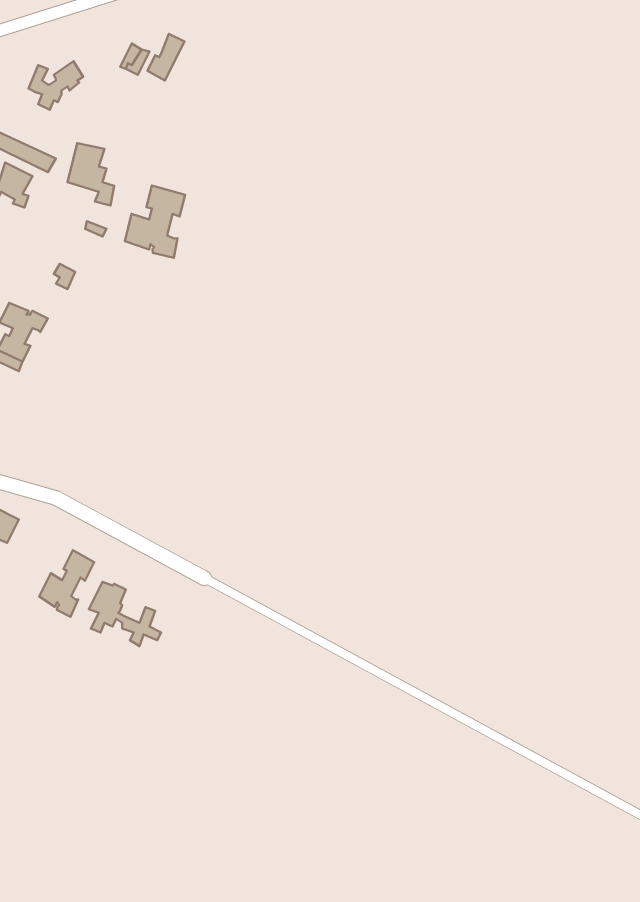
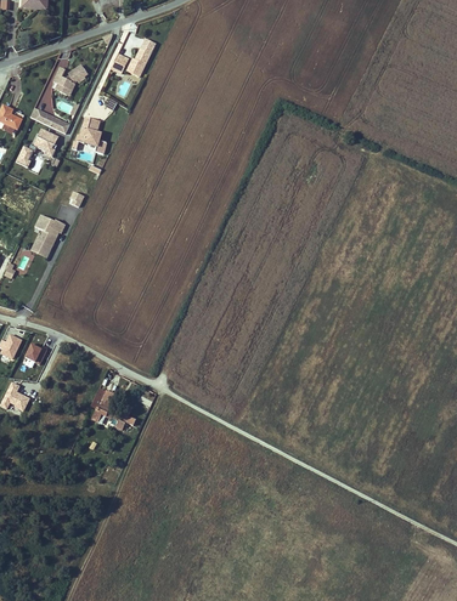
building: [125,185,185,258] -> none
building: [39,550,94,617] -> none

